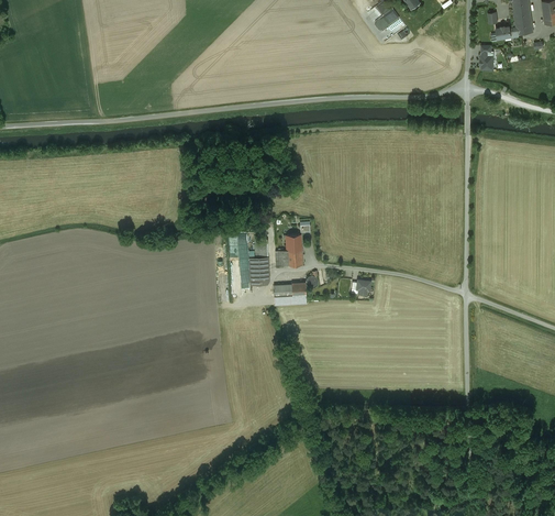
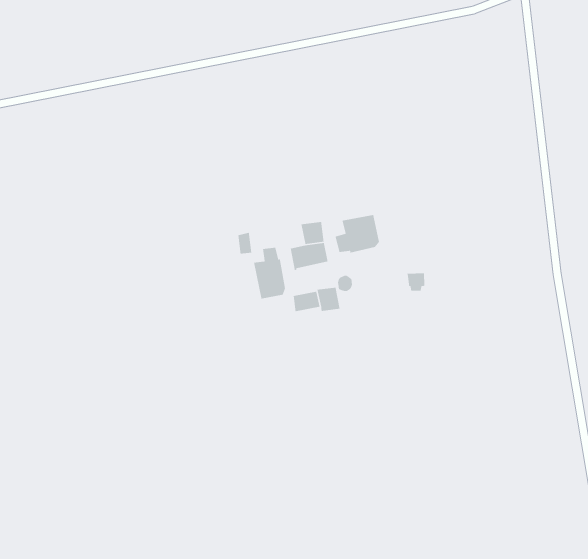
building: none -> [335,214,380,253]

